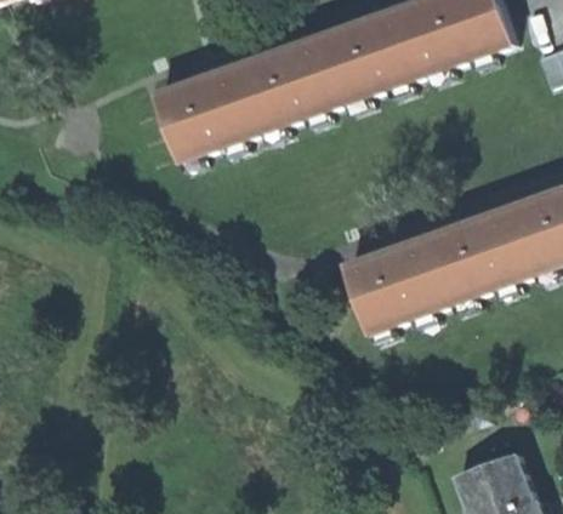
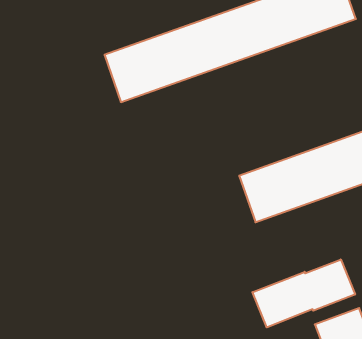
building: none -> [252,259,355,327]

